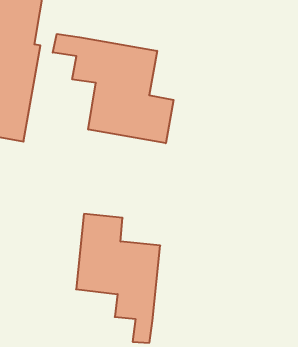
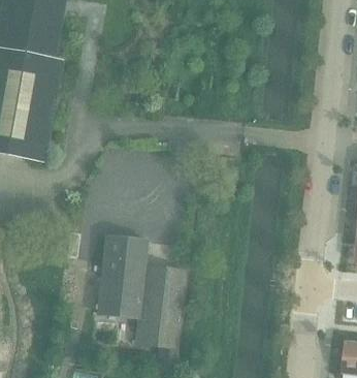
building: [53,34,174,143] -> none

